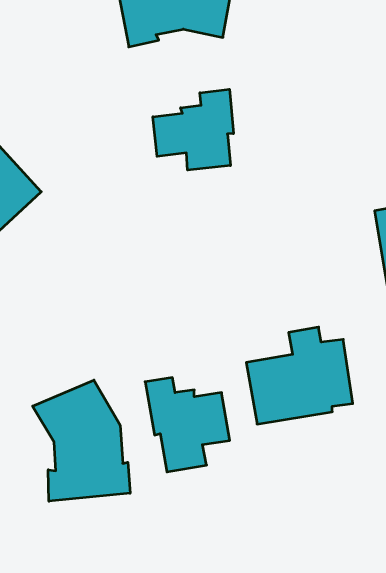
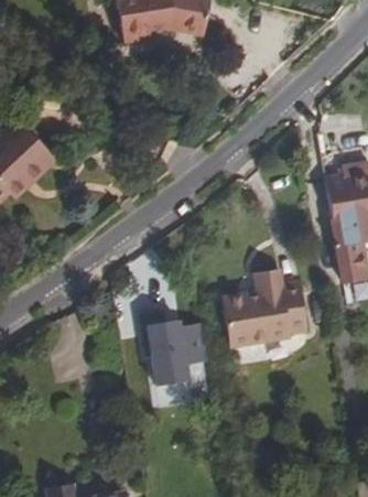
building: [153,89,233,170] -> none
building: [33,380,130,501] -> none

